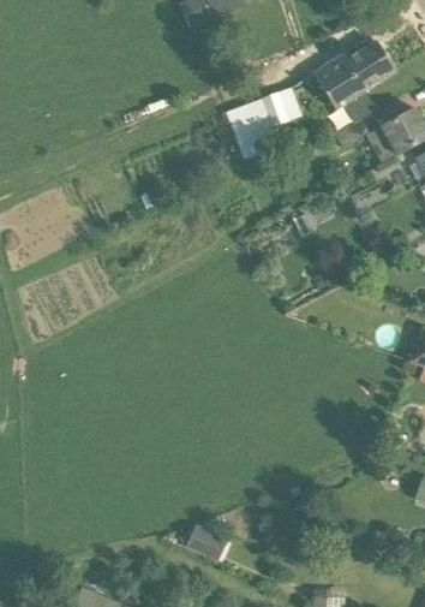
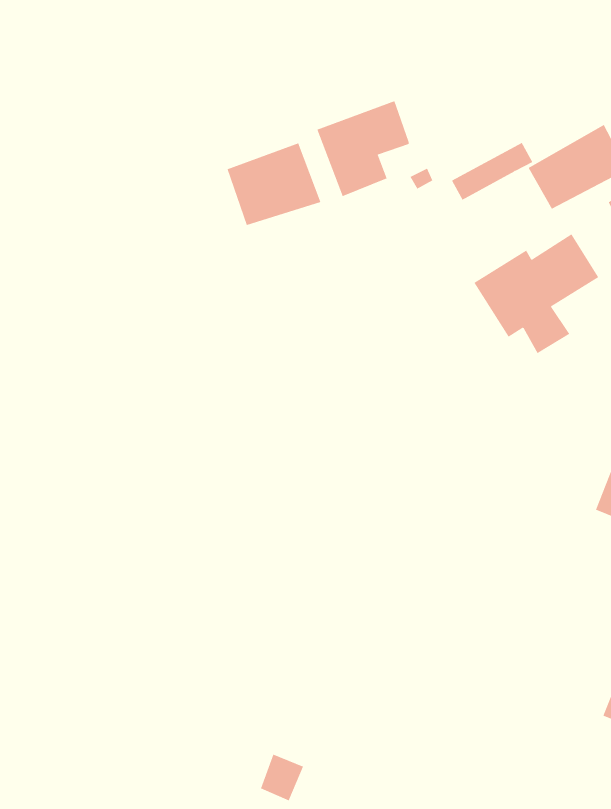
building: [312,40,395,119] -> [474,234,599,354]
building: none -> [227,142,321,226]

